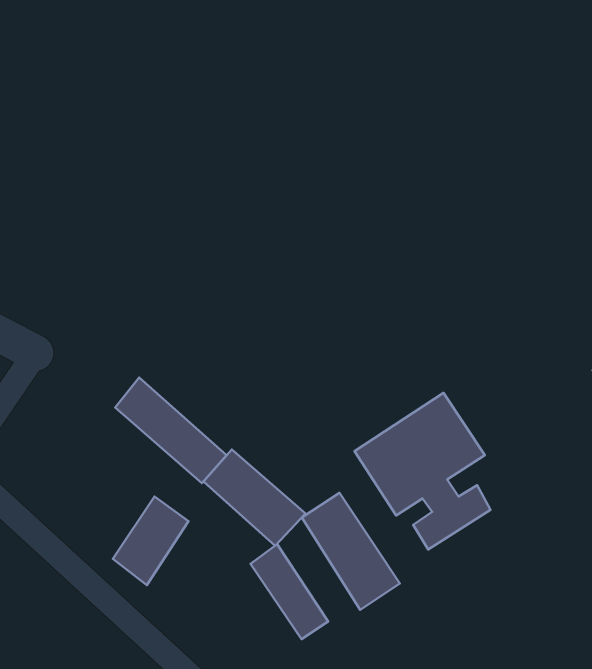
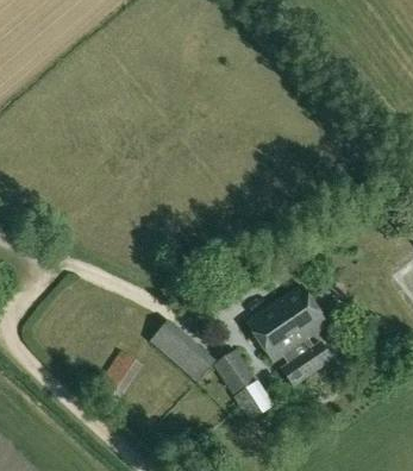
building: [115,378,227,483] -> none
building: [250,544,328,639] -> none

